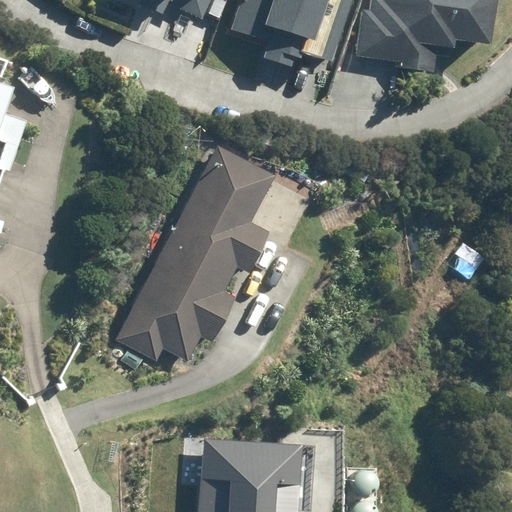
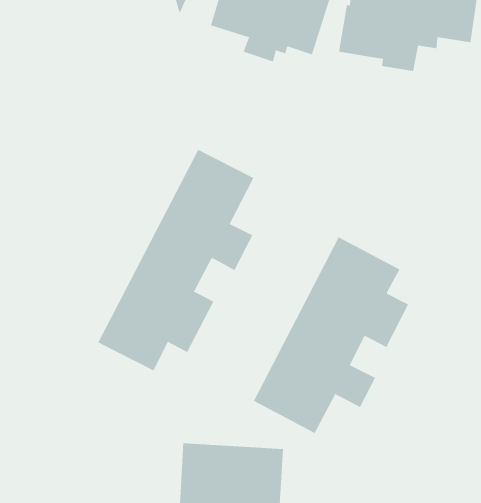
building: none -> [253,237,409,434]

